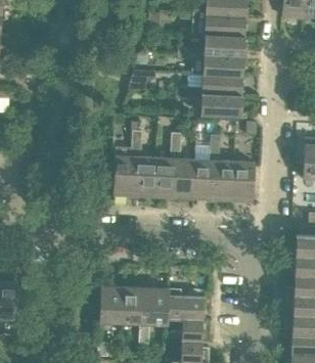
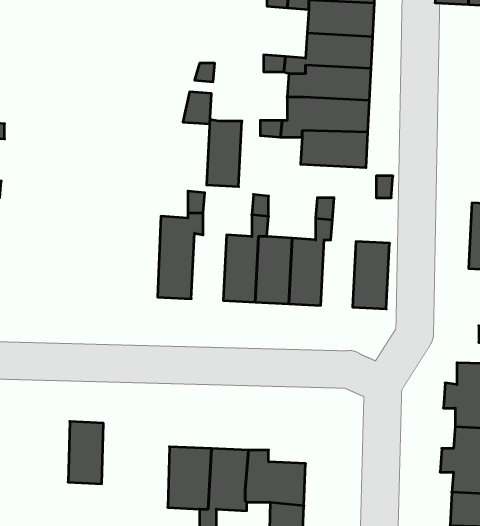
building: [134,156,155,197] -> [207,119,242,187]
building: [213,161,234,201] -> none
building: [99,285,121,323] -> [68,421,103,484]

